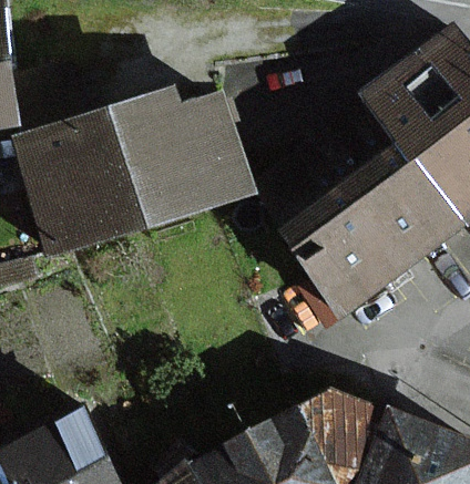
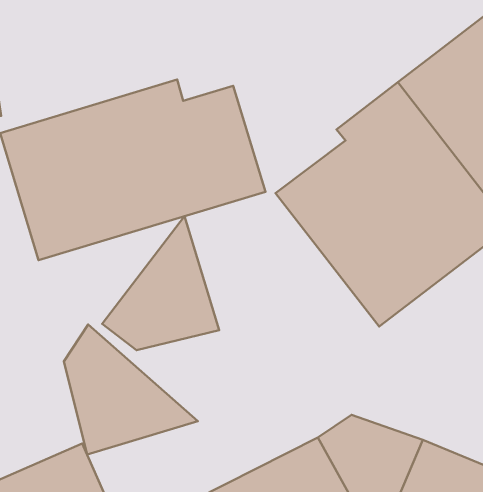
building: none -> [102,216,219,350]
building: none -> [64,325,198,455]

